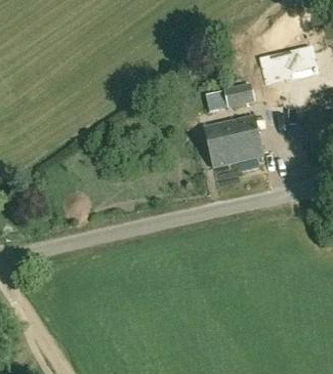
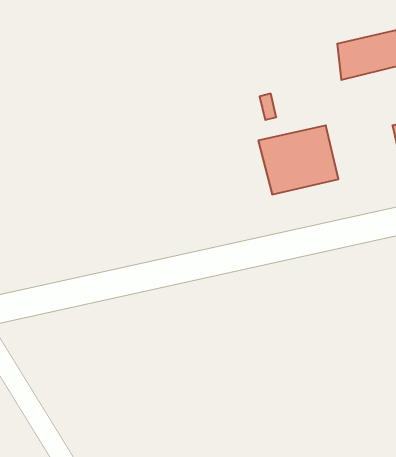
building: [223,84,254,109] -> none

